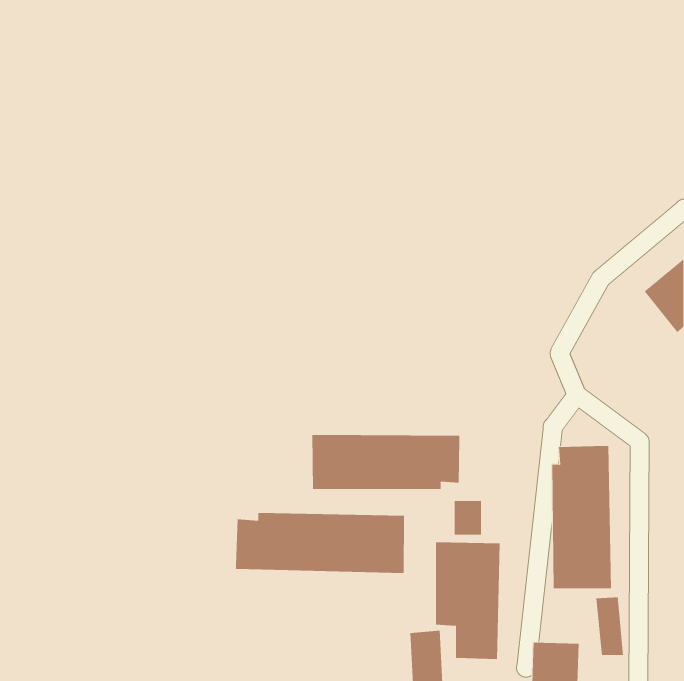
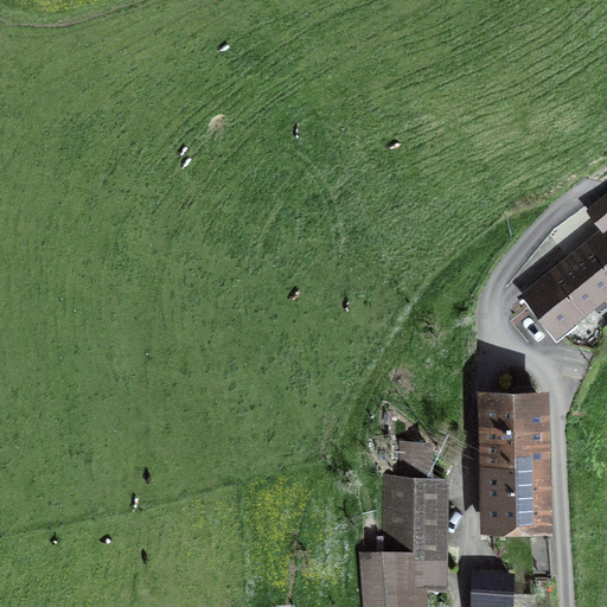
building: none -> [528,261,600,332]
building: [312,434,460,490] -> none
building: [235,512,405,574] -> none

